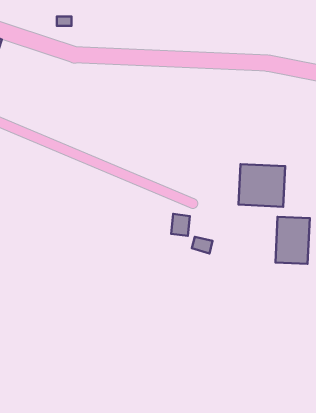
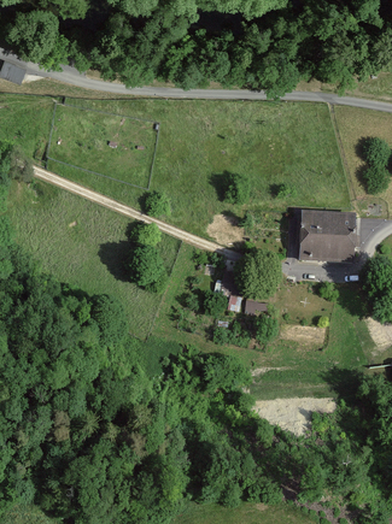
building: [276,217,310,264] -> none

